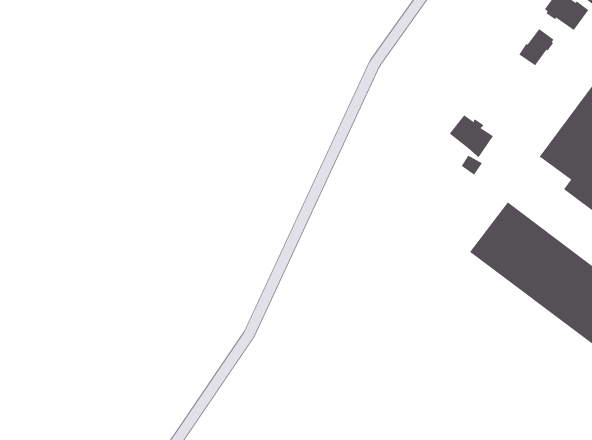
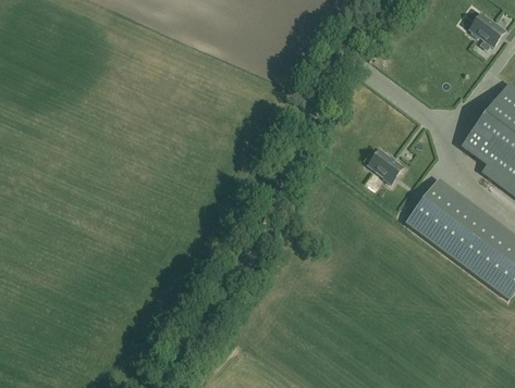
building: [519,28,554,66] -> none
building: [449,114,494,158] -> [368,150,404,185]

